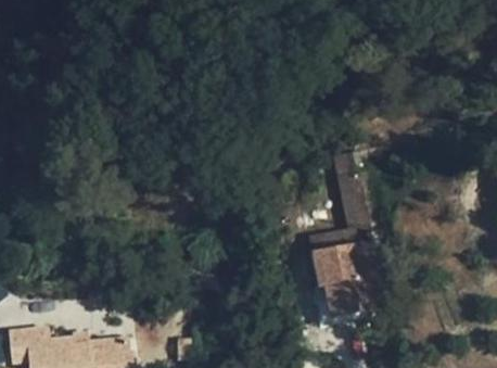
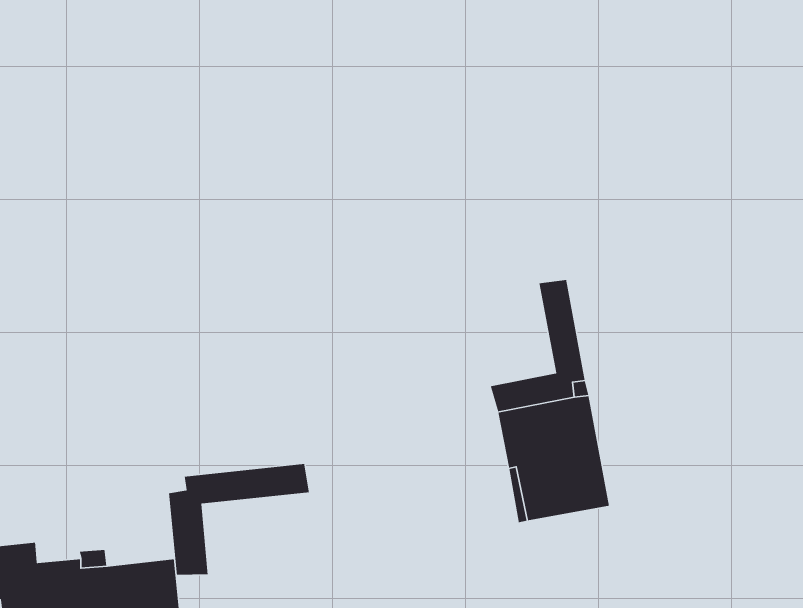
building: none -> [168,463,310,576]

